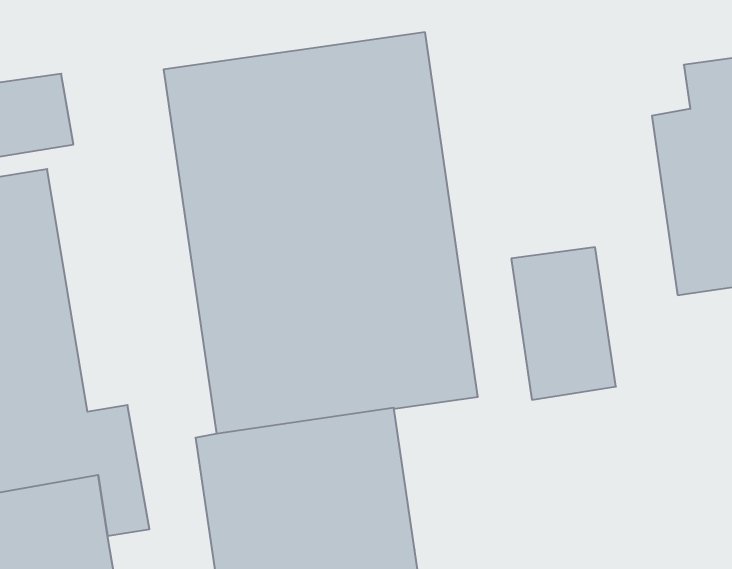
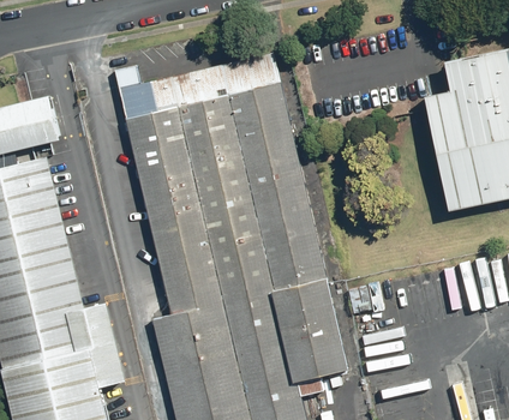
building: [511,247,616,400] -> [277,284,349,384]

